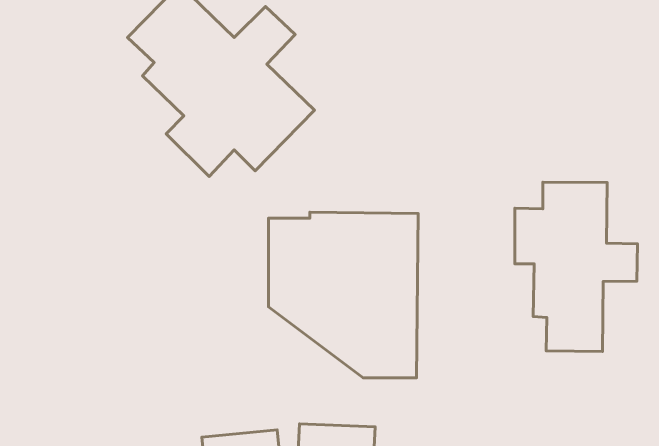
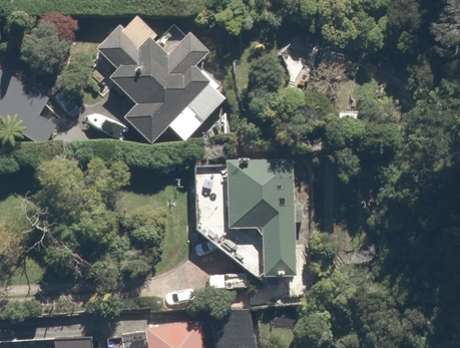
building: [515,182,637,352] -> none

